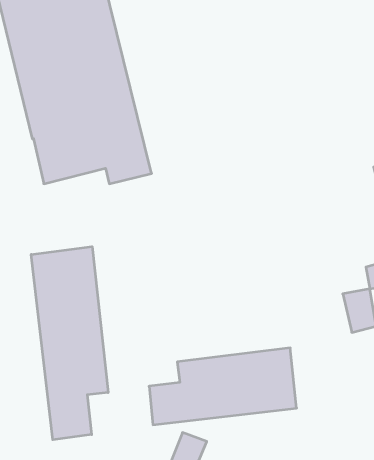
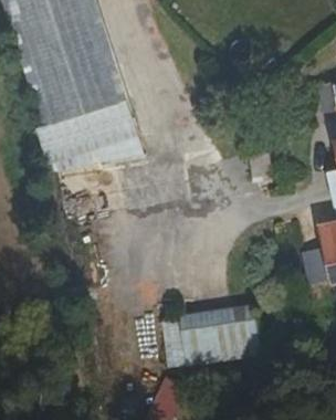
building: [31,247,108,440] -> none

